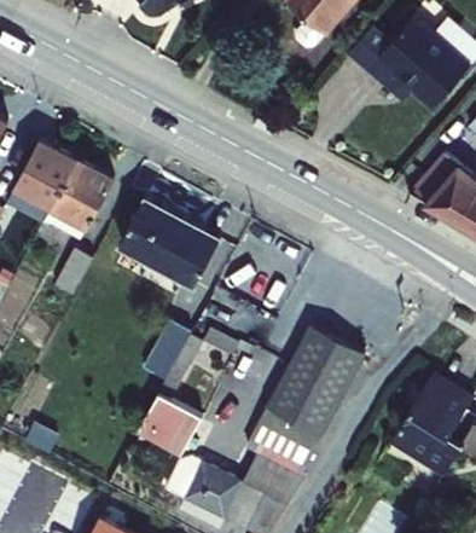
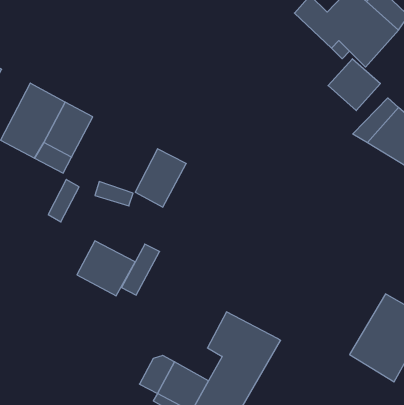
building: none -> [328,59,380,111]
building: [120,193,186,263] -> none
building: [265,318,366,430] -> none
building: [138,388,204,451] -> [77,241,135,296]

